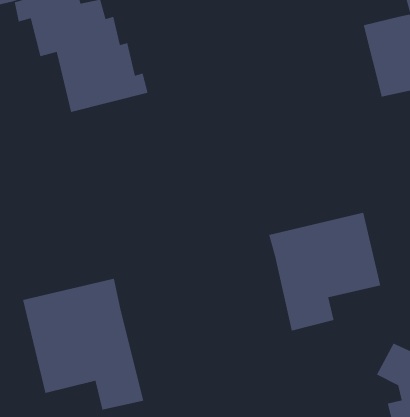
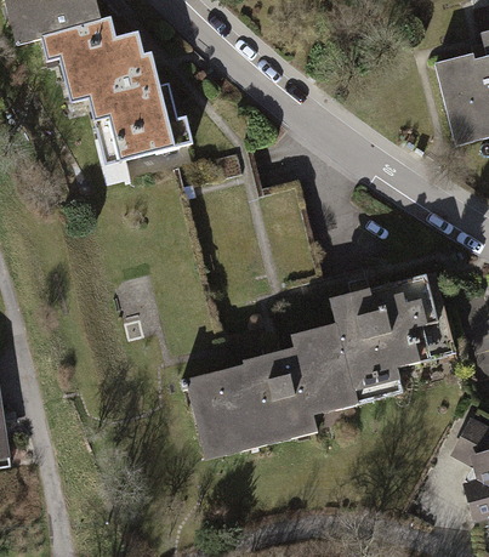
building: none -> [181,324,352,459]
building: [22,278,144,411] -> none

